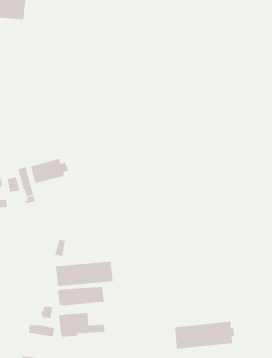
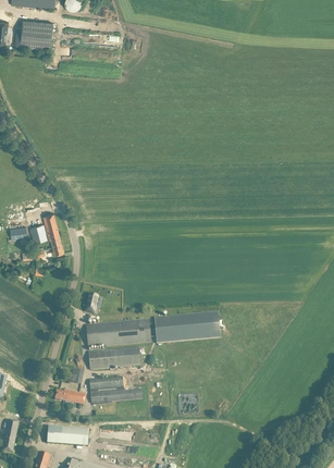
building: [30,158,69,184] -> none
building: [174,321,235,349] -> [153,311,222,343]

